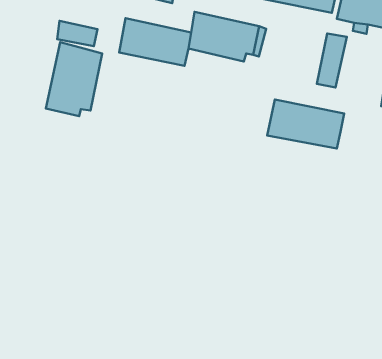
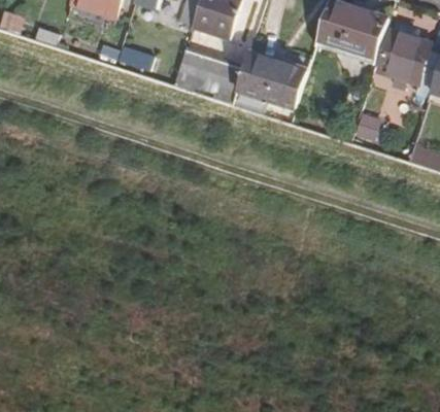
building: [46,42,102,116] -> none
building: [267,100,344,148] -> none

